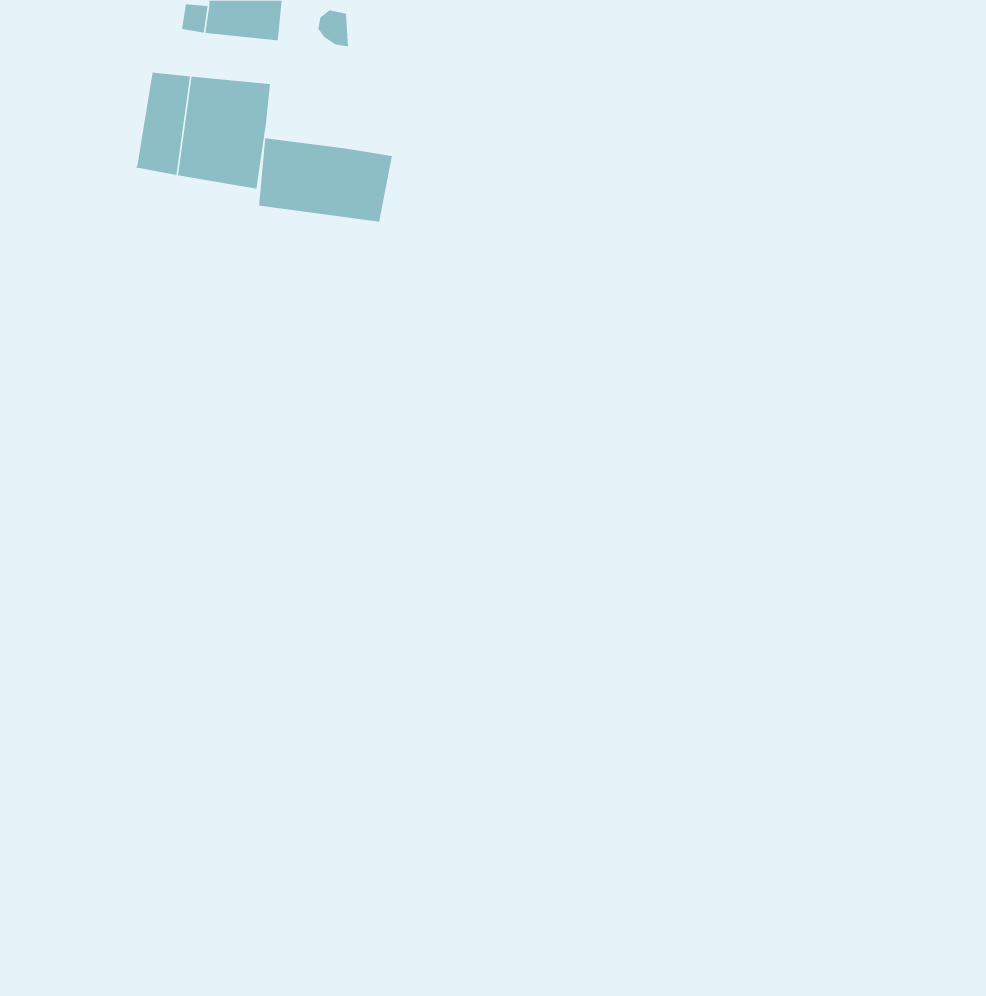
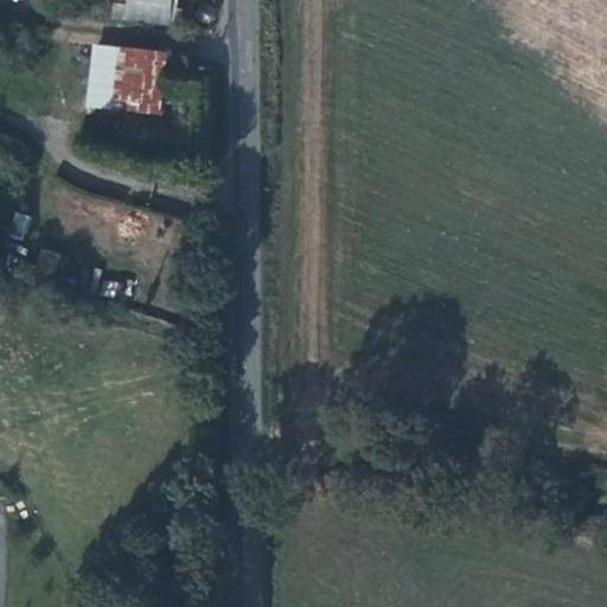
building: [259,137,393,223] -> none

